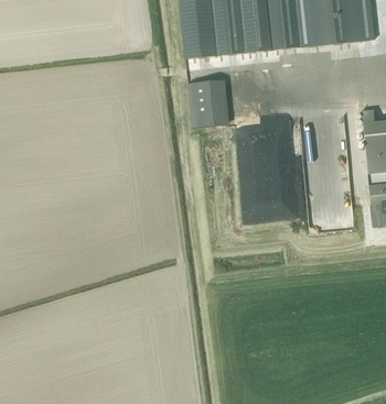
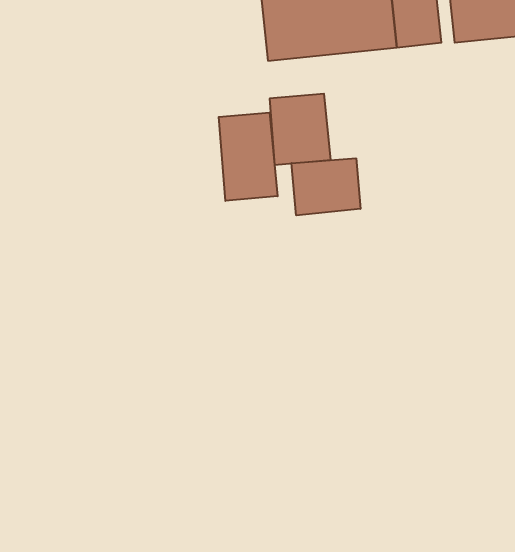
building: none -> [219,113,278,201]
building: none -> [292,158,360,215]

